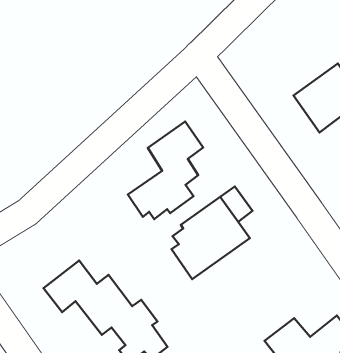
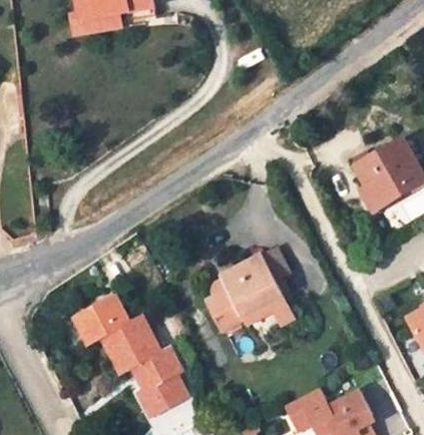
building: [128,121,203,219] -> none

